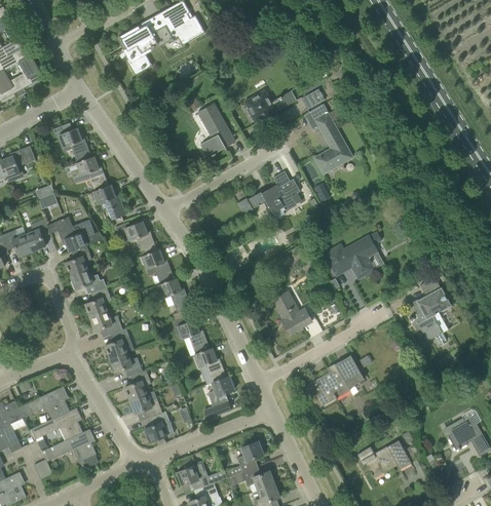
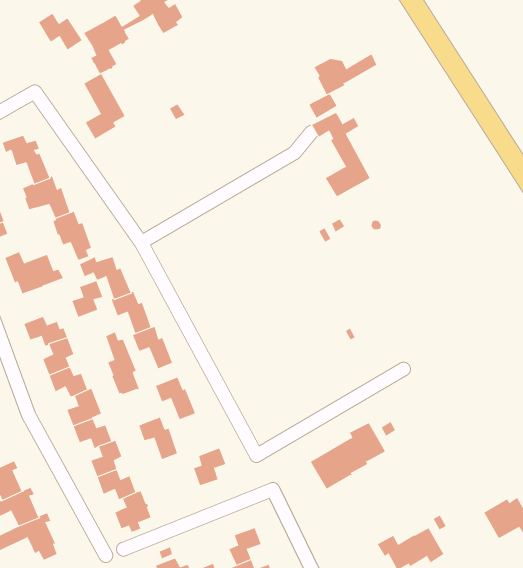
building: none -> [38,13,82,51]
building: [244,90,296,124] -> [314,53,377,95]
building: [199,105,233,158] -> [84,73,125,139]
building: [237,171,302,219] -> none
building: [324,232,381,278] -> none
building: [65,246,90,276] -> [72,281,103,317]
building: [410,277,449,345] -> none
building: none -> [105,332,139,395]
building: [272,293,311,334] -> none
building: [194,348,226,383] -> [139,417,178,460]

